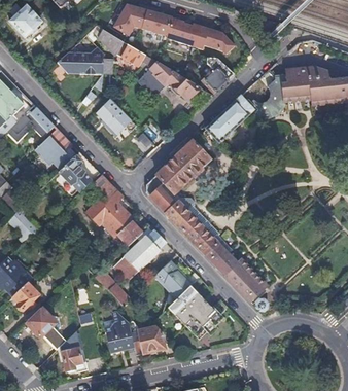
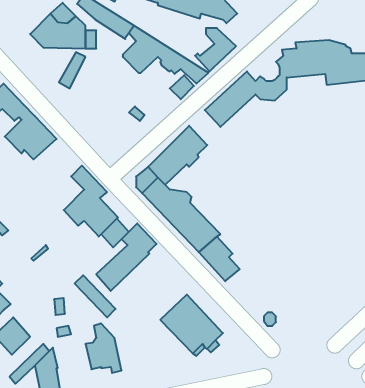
building: [95,99,136,137] -> none
building: [59,152,99,192] -> none
building: [223,259,267,303] -> none
building: [154,260,200,305] -> none
building: [131,325,166,354] -> none

